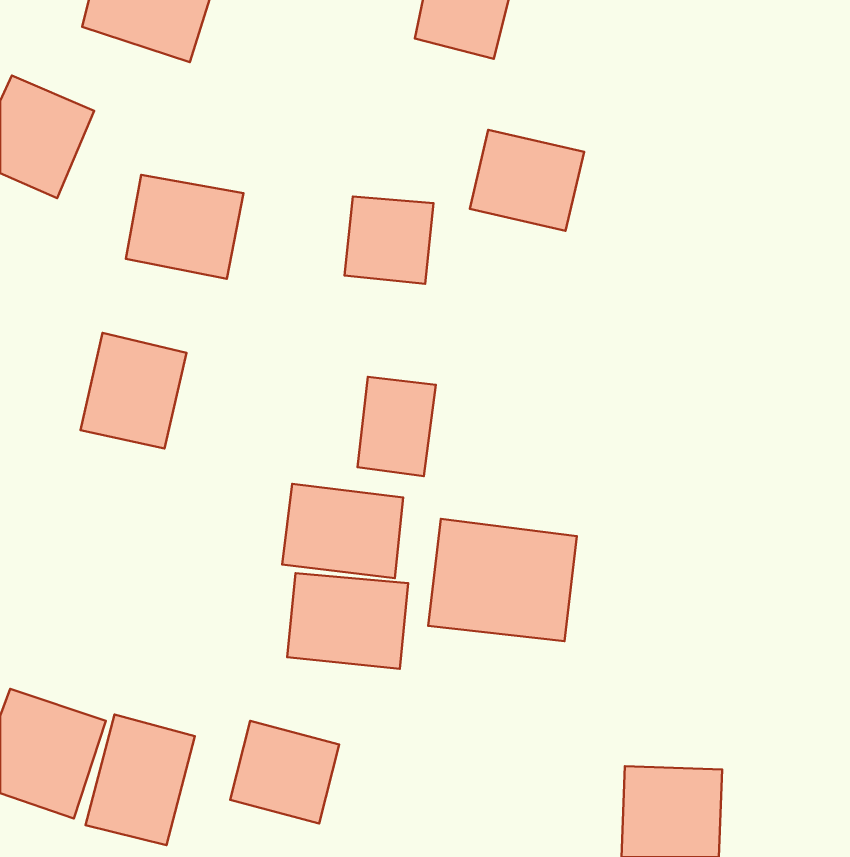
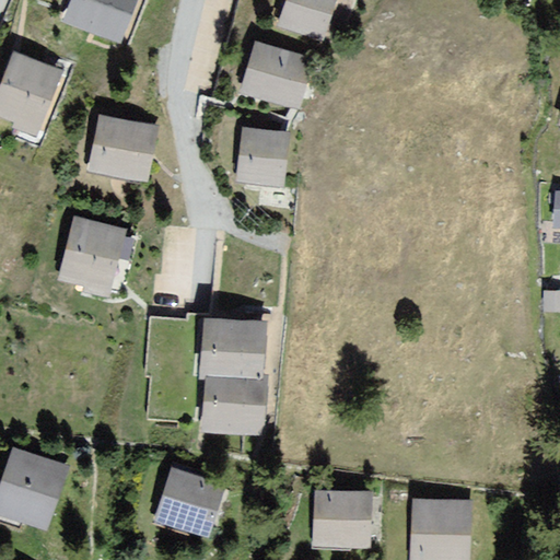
building: [470,130,584,231] -> [237,43,312,108]
building: [357,377,436,476] -> none
building: [428,519,577,641] -> none
building: [85,715,195,845] -> none
building: none -> [310,492,373,548]

